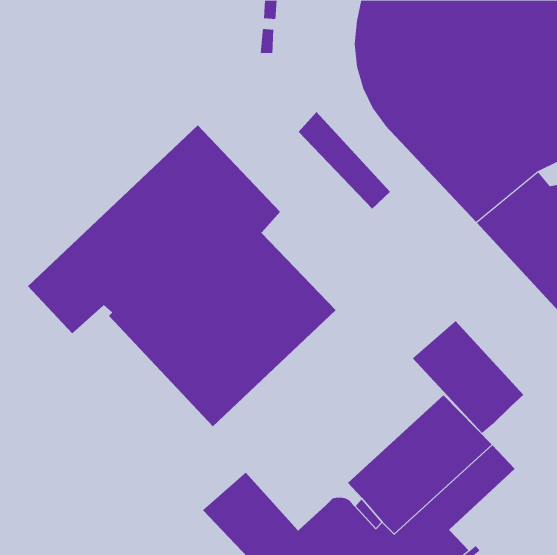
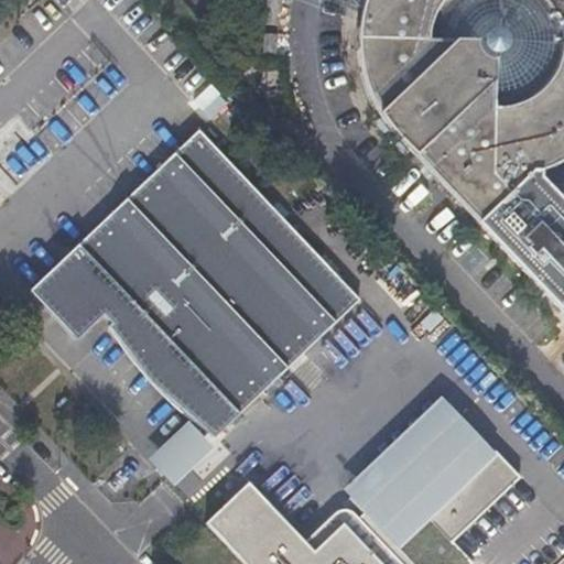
building: [298,111,391,209] -> [265,217,359,316]
building: [412,320,524,434] -> none
building: none -> [150,416,217,484]

